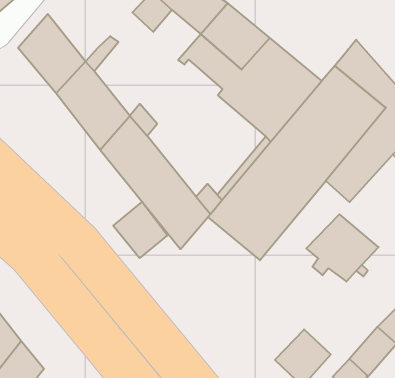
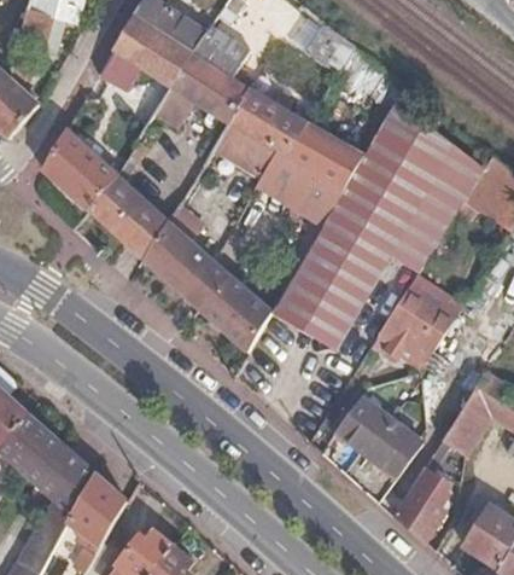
building: [113,202,168,258] -> none
building: none -> [333,393,392,452]

